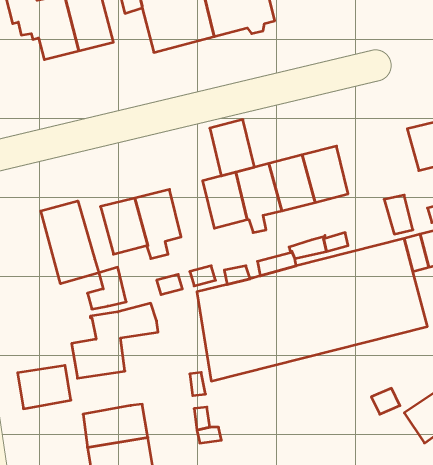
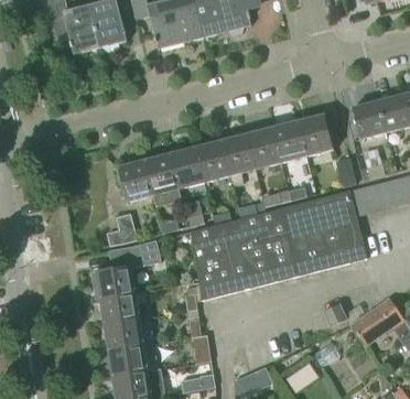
building: [210,120,254,176] -> [170,147,204,190]
building: none -> [298,114,333,157]
building: [41,201,99,284] -> none
building: [18,365,71,409] -> [99,292,140,325]

